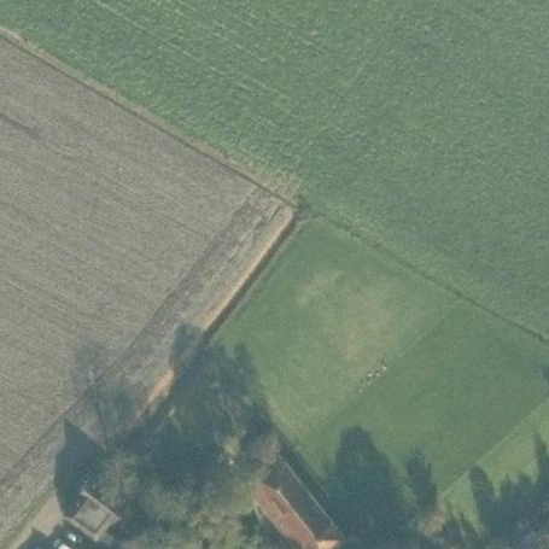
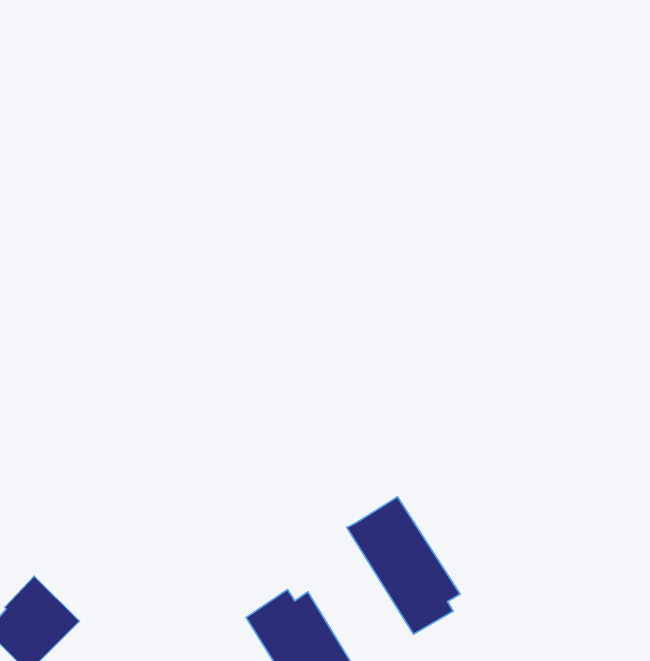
building: none -> [347,497,460,634]

